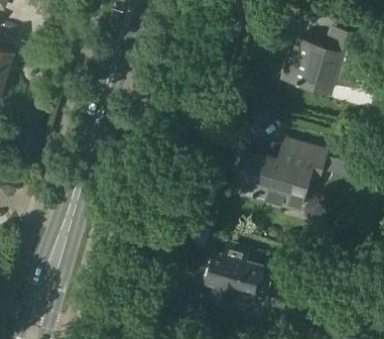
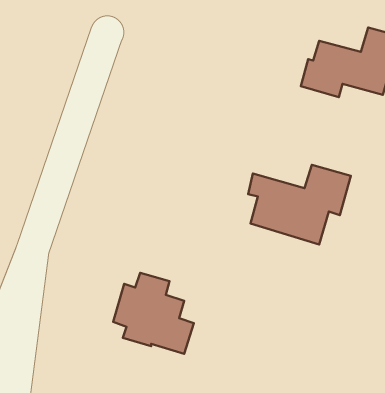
building: [204,239,270,306] -> [113,273,194,354]

